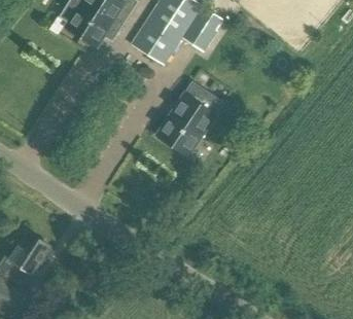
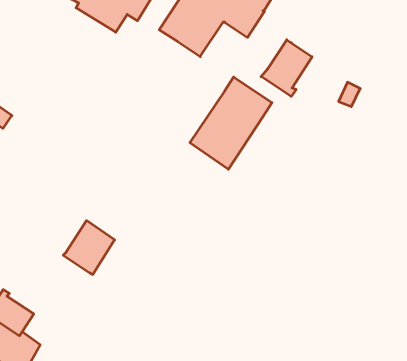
building: none -> [261,40,312,96]
building: [9,231,50,274] -> [63,221,115,274]

